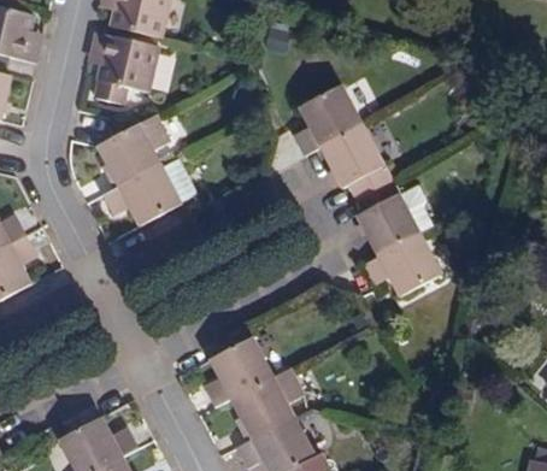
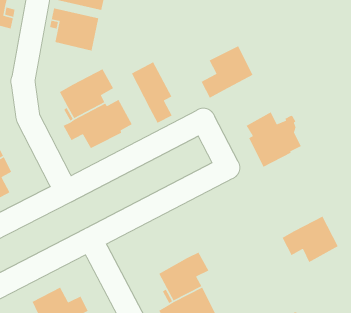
building: none -> [131,61,173,124]
building: [324,126,389,195] -> none
building: [361,232,440,298] -> [281,216,339,263]
building: [206,336,273,407] -> none

